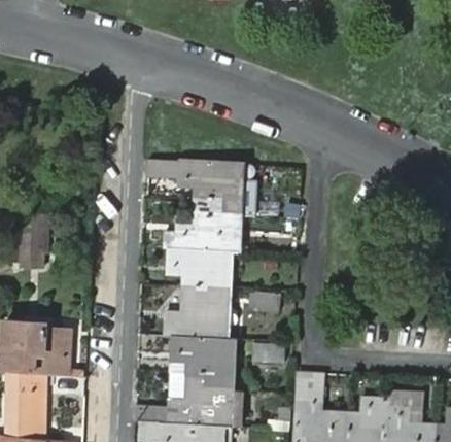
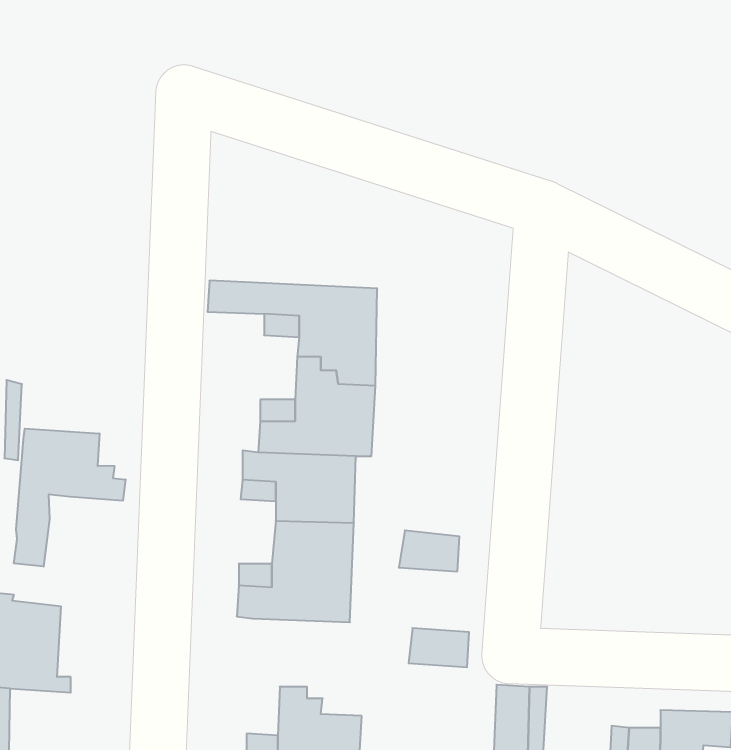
building: none -> [14,429,126,567]
building: [170,338,233,389] -> none

